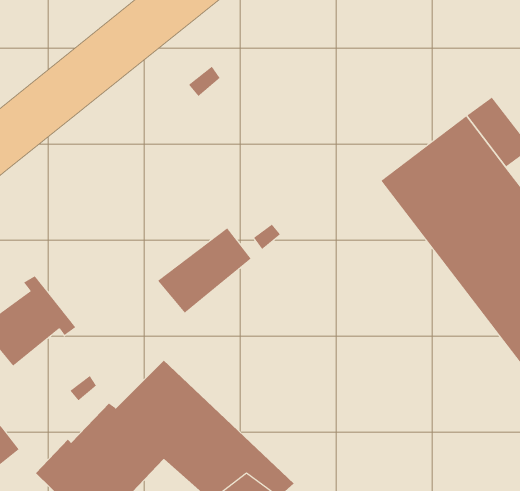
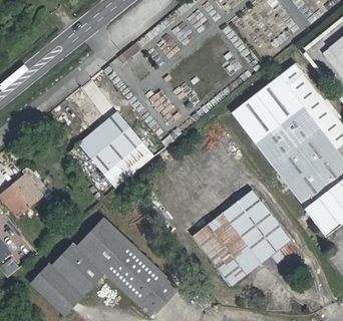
building: none -> [80,110,142,169]
building: none -> [193,189,299,285]

